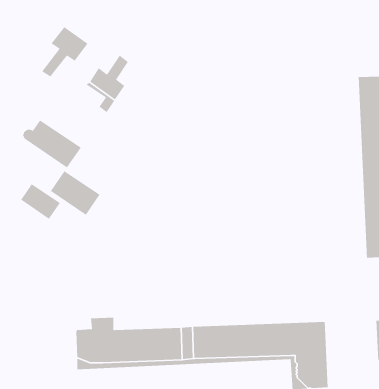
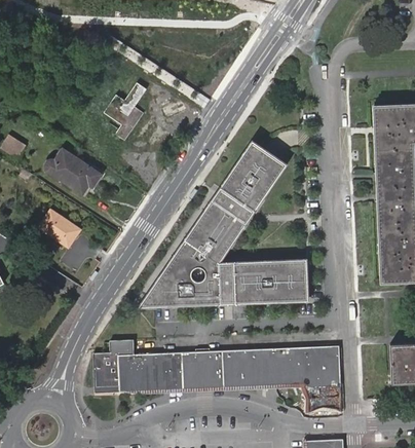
building: [41,26,88,78] -> none
building: none -> [140,144,303,306]
building: [50,170,100,216] -> none

